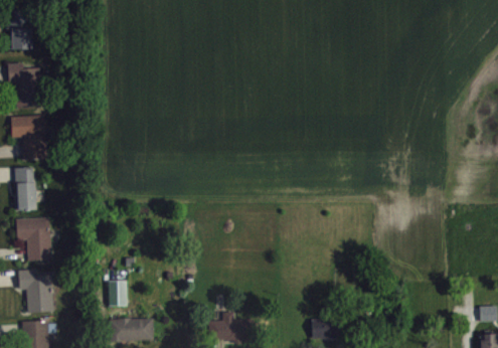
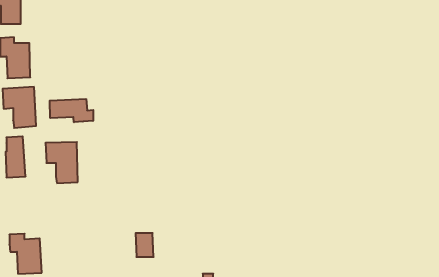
building: none -> [50,99,93,122]
building: [16,217,50,260] -> [45,142,78,183]
building: [108,281,127,306] -> [136,233,154,257]

